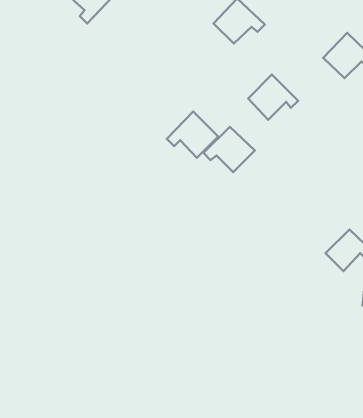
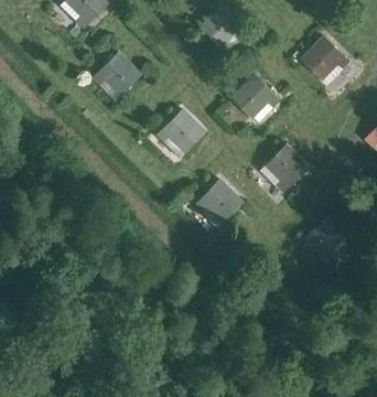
building: none -> [94,52,141,95]
building: [203,127,255,172] -> [195,180,243,222]
building: none -> [267,144,309,193]

